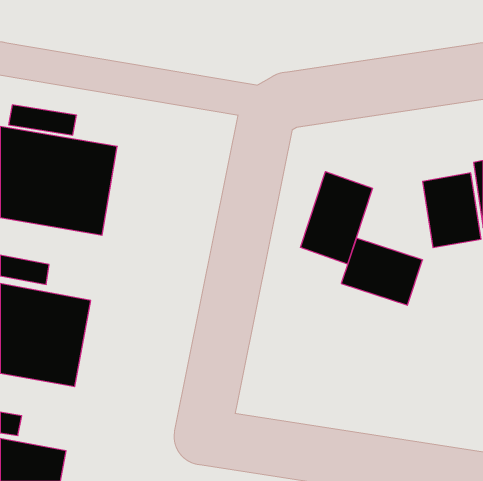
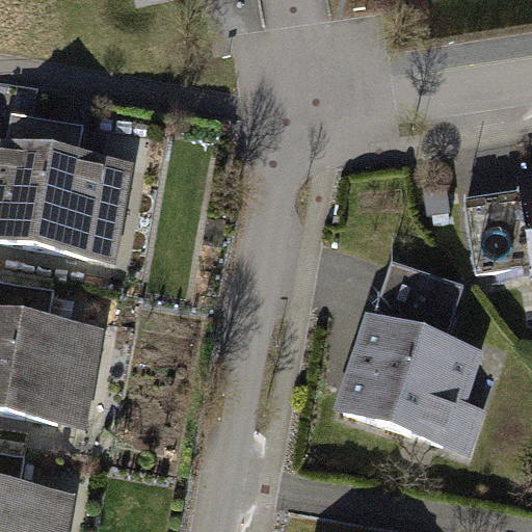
building: [300,172,373,264] -> none
building: none -> [337,318,483,451]

